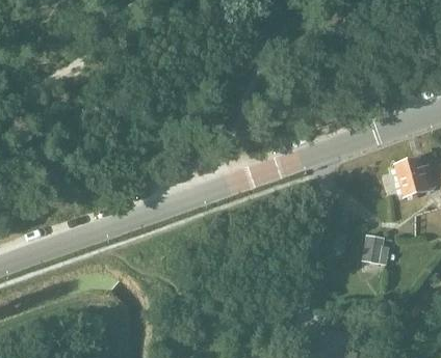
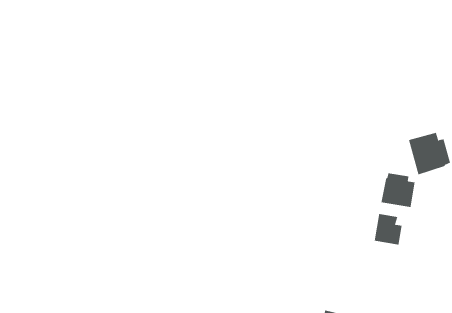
building: none -> [381,173,415,208]

